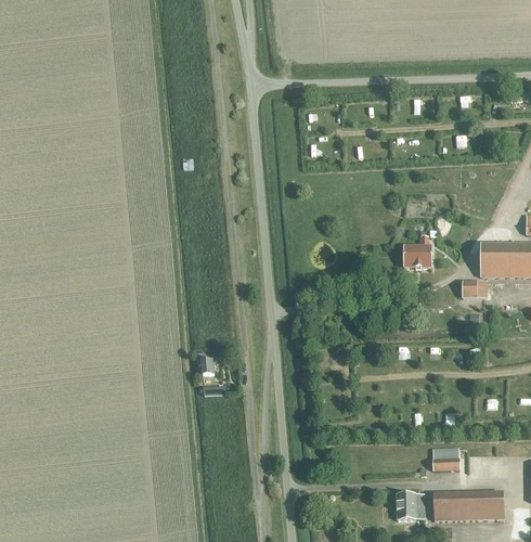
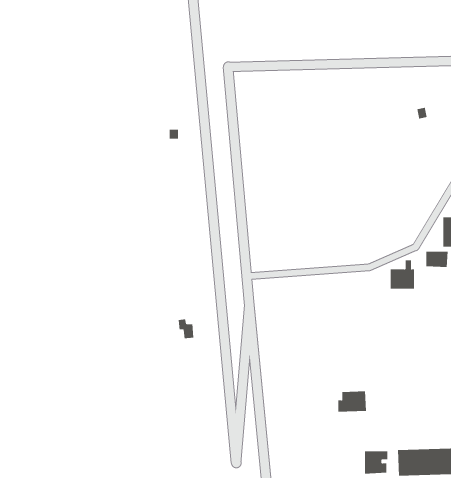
building: [404,235,431,267] -> [390,260,415,289]
building: [427,448,458,470] -> [338,391,367,412]

